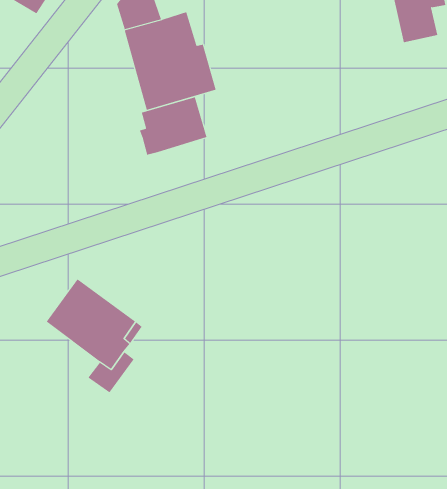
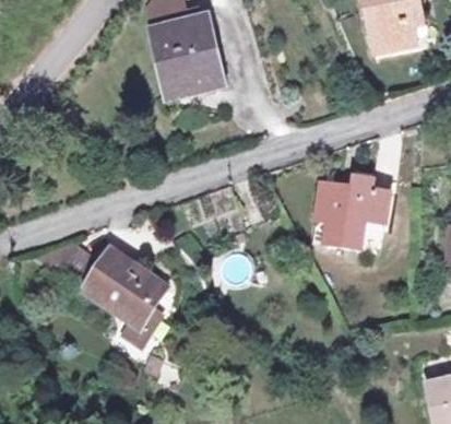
building: [139,96,207,155] -> none
building: none -> [314,176,392,250]

